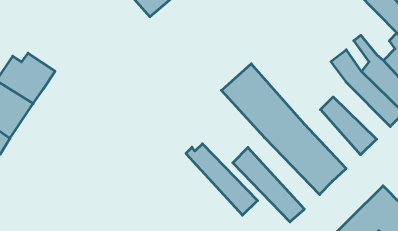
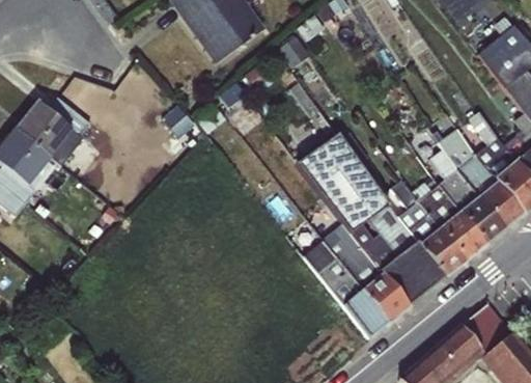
building: none -> [438,167,506,243]
building: none -> [392,176,466,276]
building: [186,144,258,215] -> [325,228,410,323]

